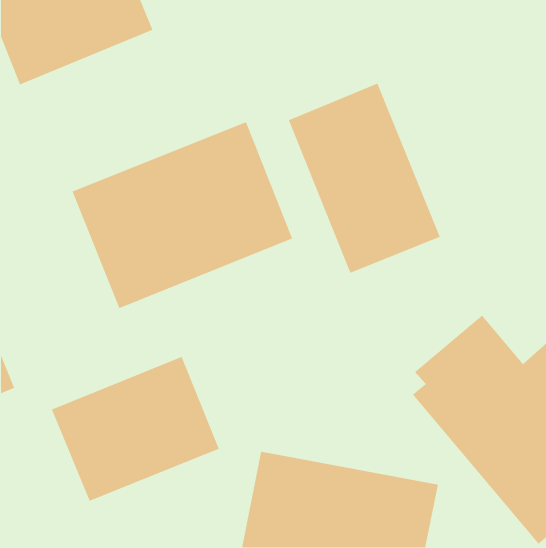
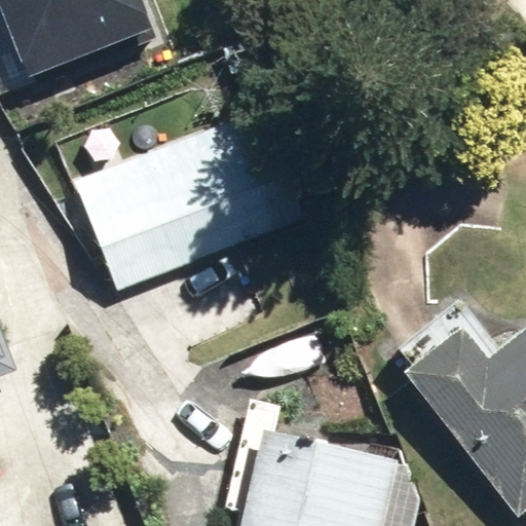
building: [288,83,441,274] -> none
building: [51,356,220,502] -> none

